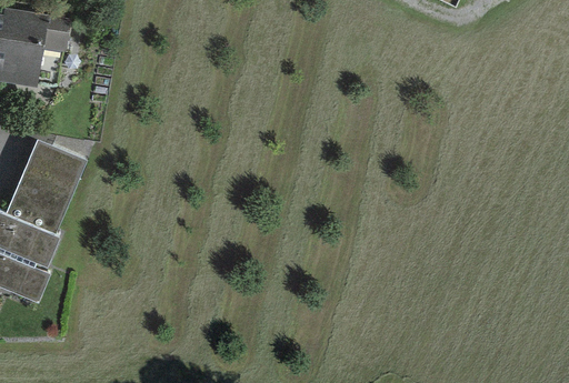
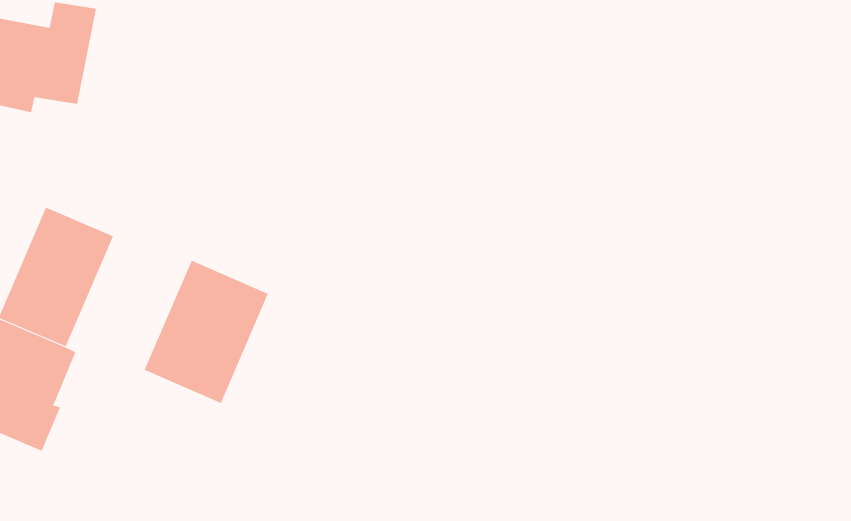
building: none -> [144,260,269,404]

